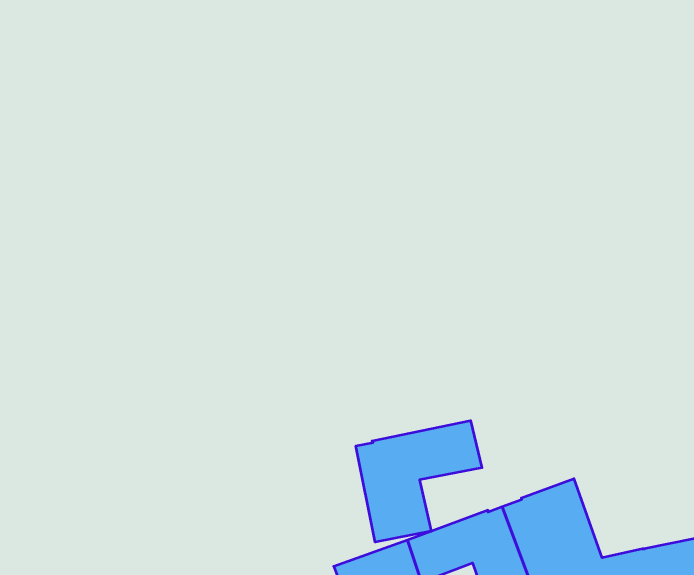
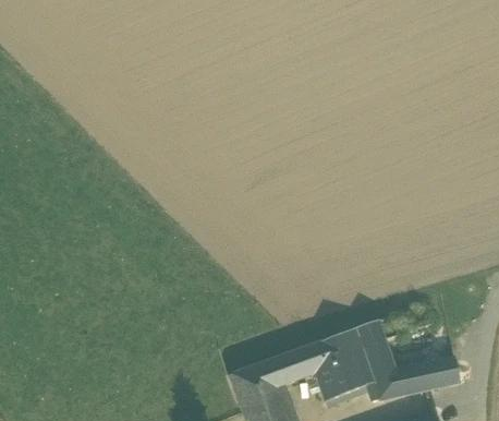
building: [356,421,482,542] -> none

